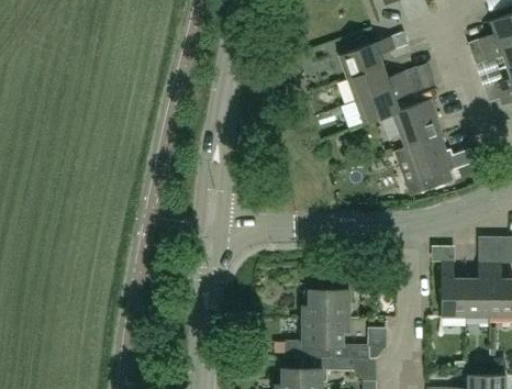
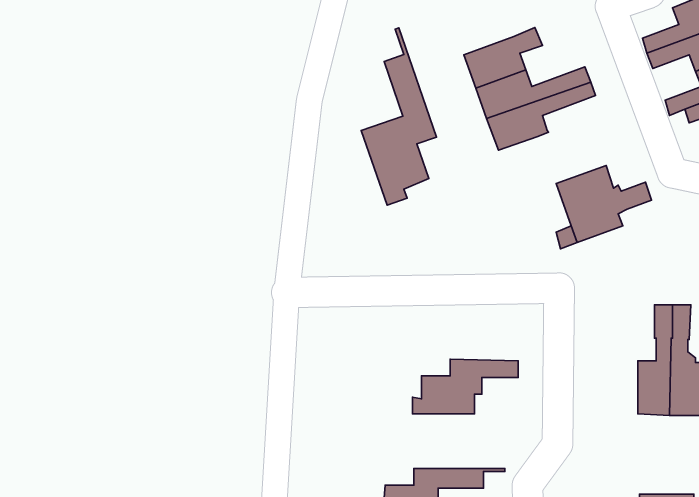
building: none -> [361,28,437,205]
building: [393,99,443,149] -> none
building: [442,262,466,316] -> none
building: [283,316,369,356] -> none

